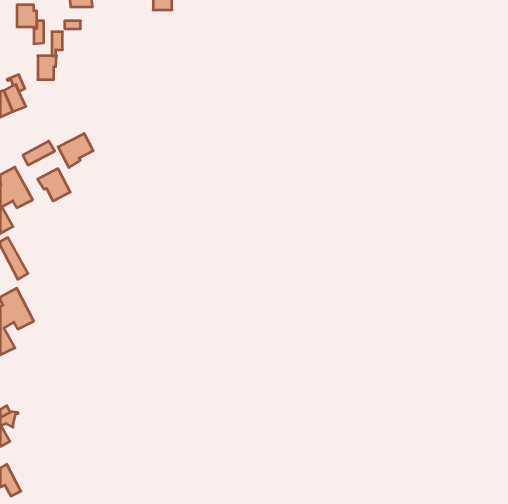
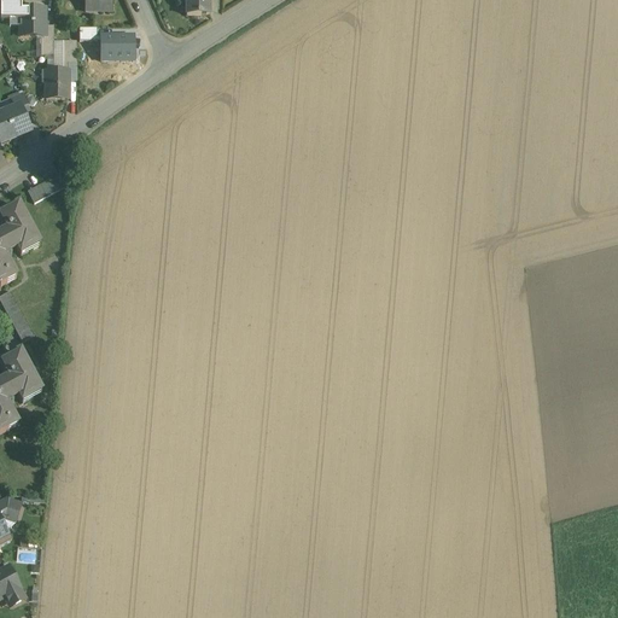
building: none -> [101,34,134,58]
building: [58,133,93,168] -> none
building: [38,169,70,201] -> none

